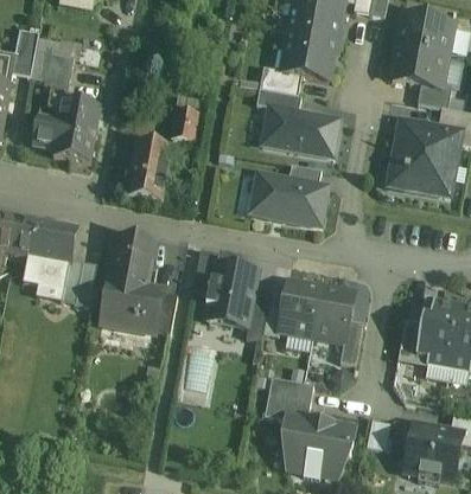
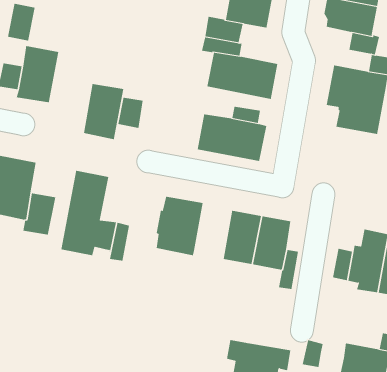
building: [170,108,198,142] -> [117,97,143,129]
building: [263,378,313,423] -> none

